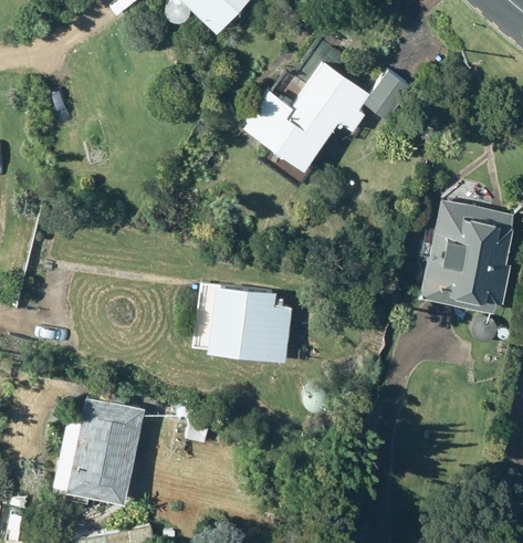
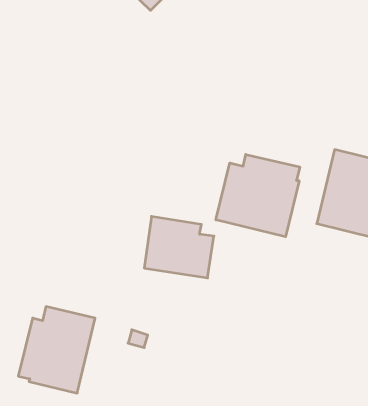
building: [239,61,412,168] -> none
building: none -> [216,154,300,237]

